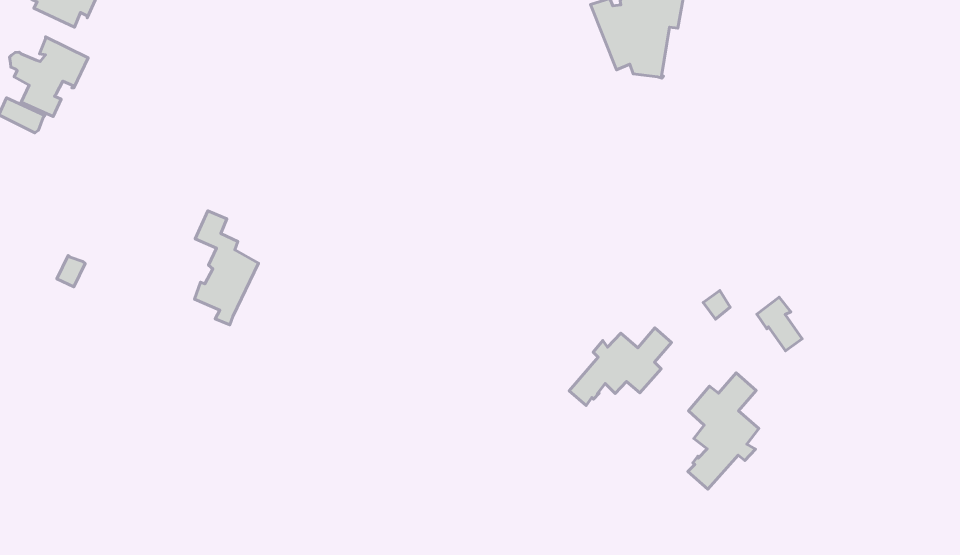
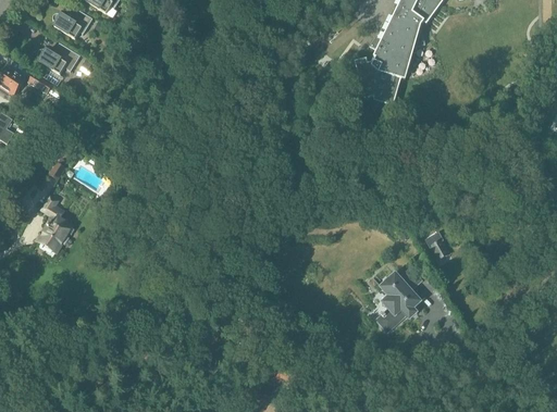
building: [195,211,259,325] -> [36,193,73,257]
building: [569,328,672,405] -> none

